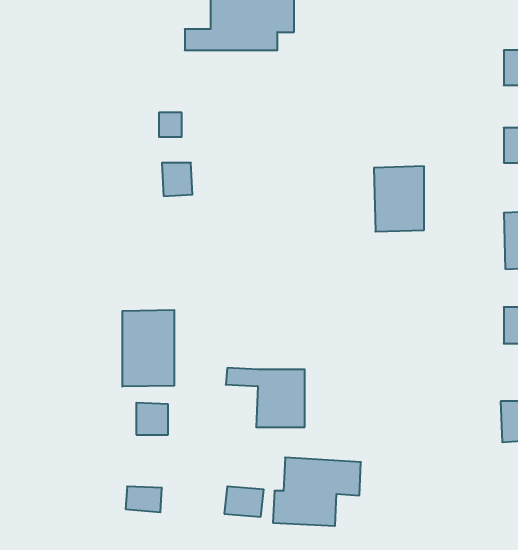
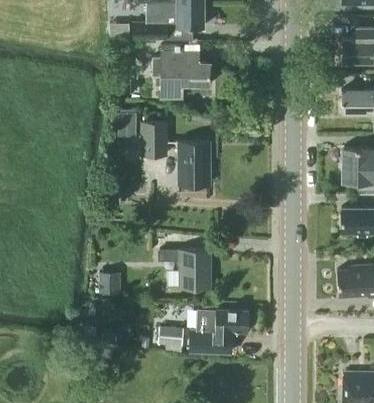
building: none -> [154,45,210,99]
building: [374,166,424,232] -> [177,141,210,184]
building: none -> [140,121,168,156]
building: [122,310,174,387] -> none

